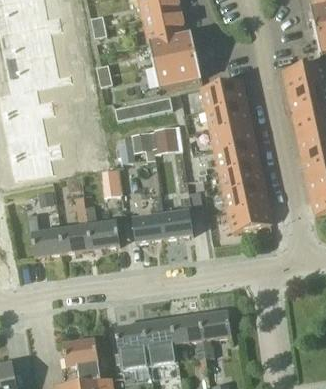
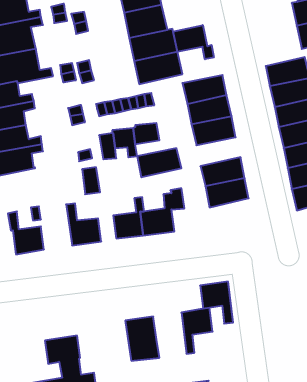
building: none -> [173,25,214,59]
building: [215,141,259,170] -> [137,148,181,177]
building: [60,196,91,253] -> none
building: [228,202,272,231] -> none
building: [172,316,205,358] -> [200,282,233,324]
building: [115,324,149,369] -> none

